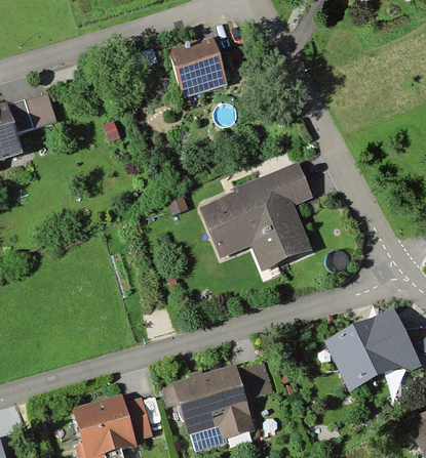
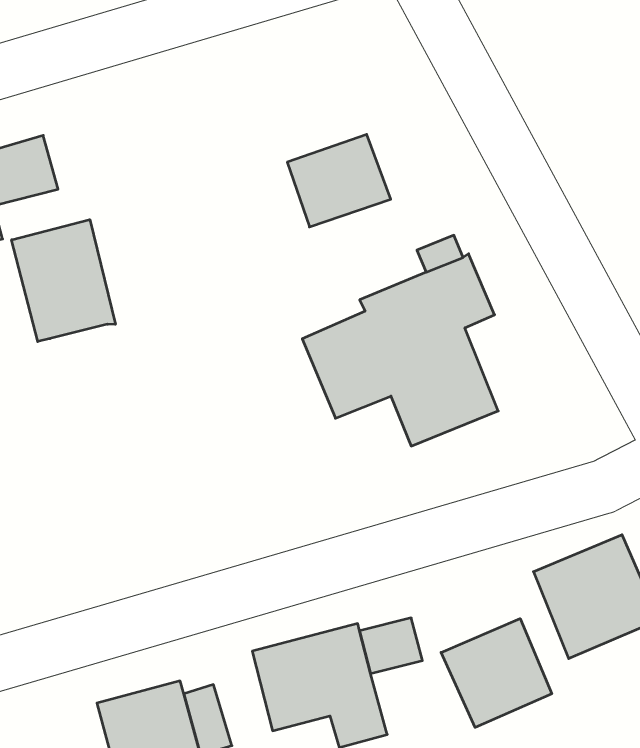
building: [169,47,227,98] -> [287,134,391,227]
building: none -> [12,220,115,342]
building: none -> [441,619,552,727]

